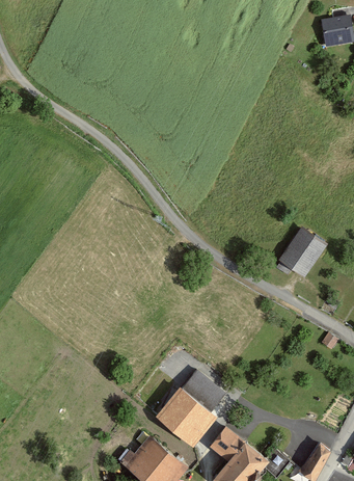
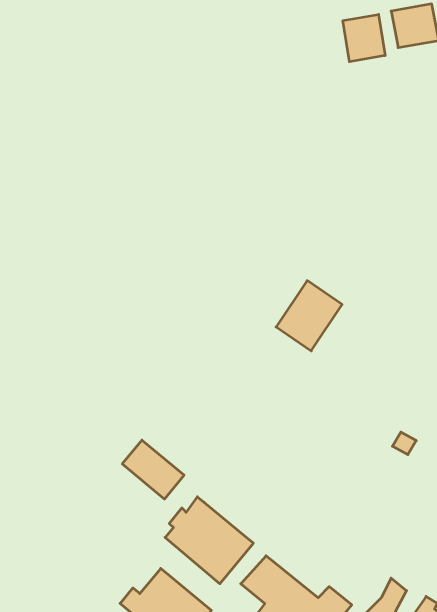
building: none -> [343,14,385,62]
building: [277,226,326,278] -> [276,281,342,351]
building: [181,368,226,411] -> [122,440,184,499]

